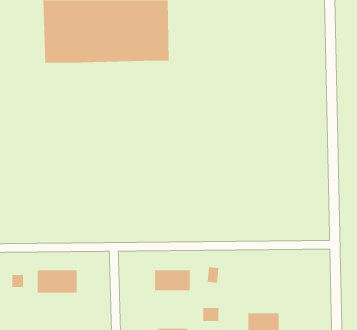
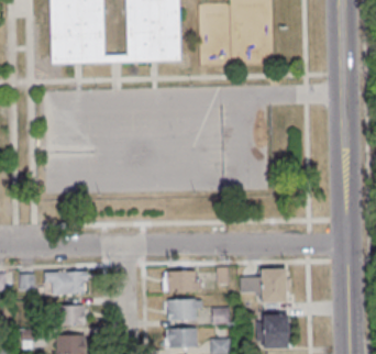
building: none -> [240,267,286,302]
building: none -> [166,300,199,321]
building: none -> [58,305,84,324]

